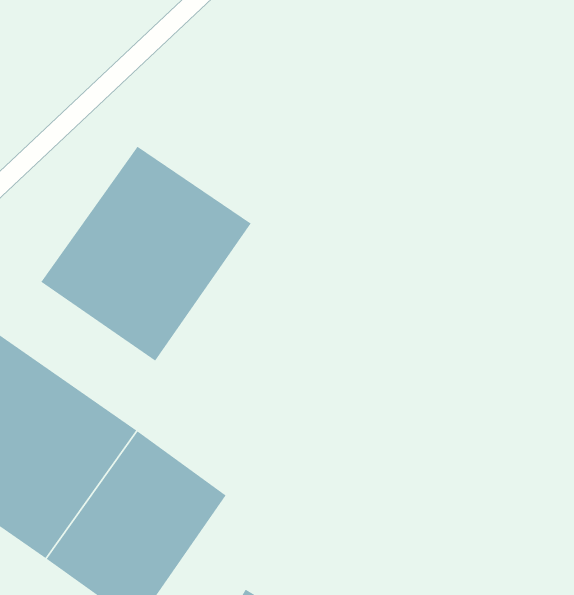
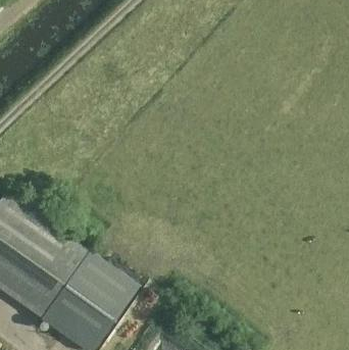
building: [40,146,252,362] -> none

